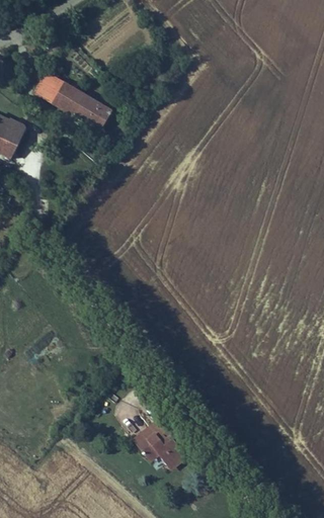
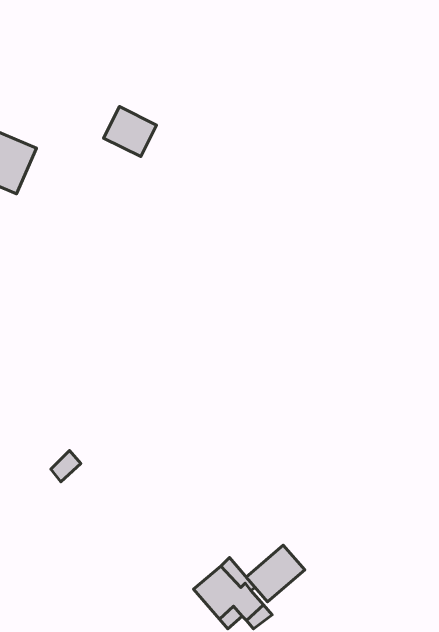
building: [31,73,85,115] -> none
building: none -> [246,545,305,602]

